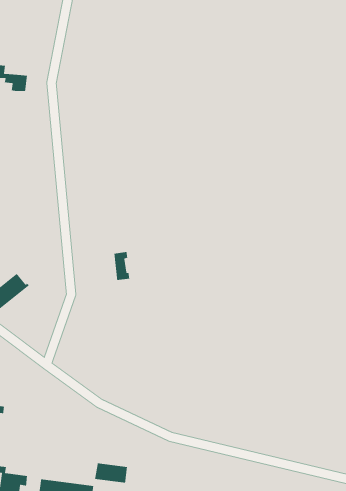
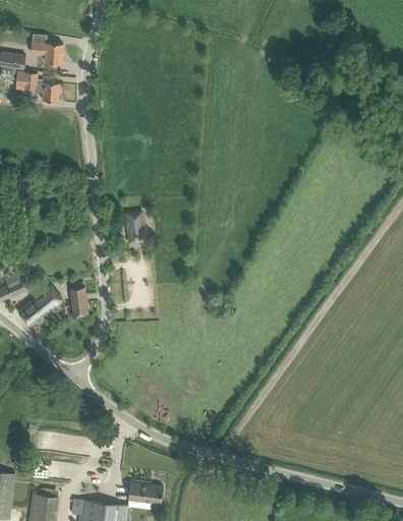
building: none -> [37,43,62,64]
building: [113,251,130,281] -> [126,213,143,243]
building: none -> [69,288,88,316]

